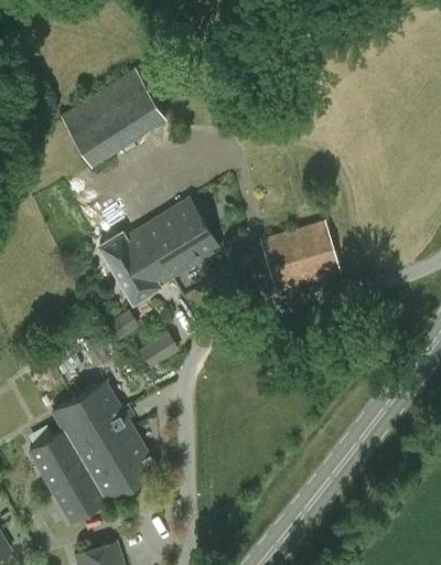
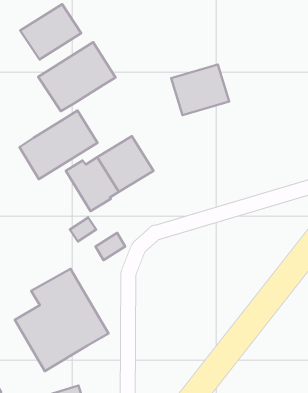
building: none -> [20,4,81,59]
building: none -> [19,110,97,179]
building: [260,222,340,291] -> [171,65,229,115]

